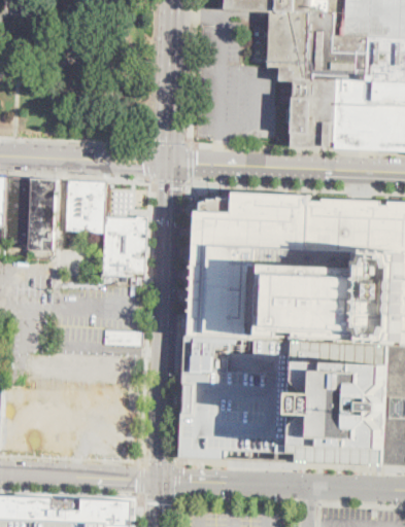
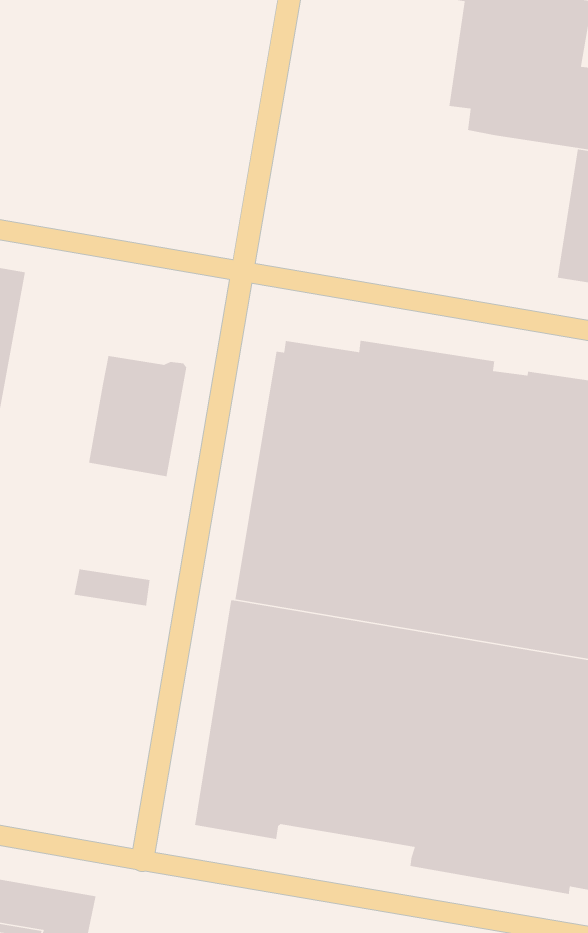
building: [290,77,336,147] -> none
building: [64,180,105,233] -> none

